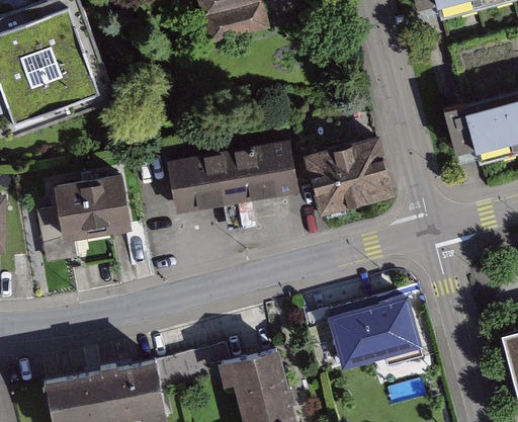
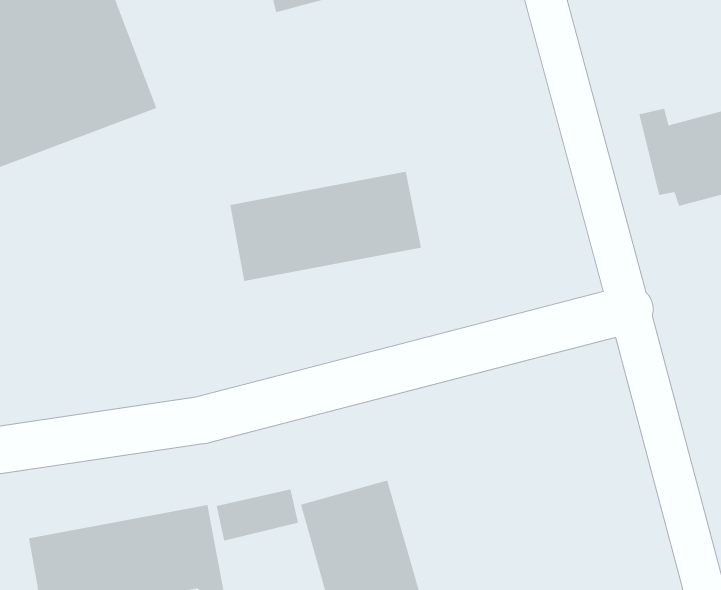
building: [309,134,399,214] -> none
building: [37,173,138,266] -> none
building: [328,293,437,372] -> none

